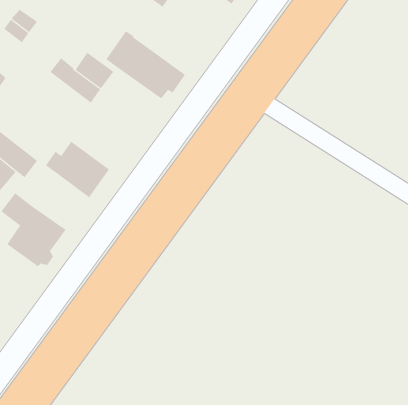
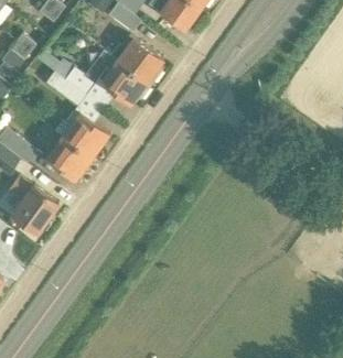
building: none -> [110,35,163,85]
building: none -> [62,109,109,158]

